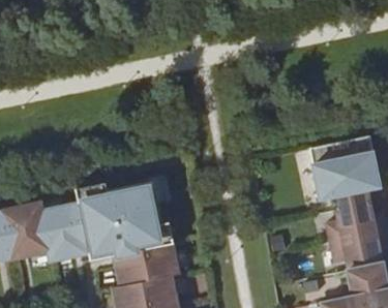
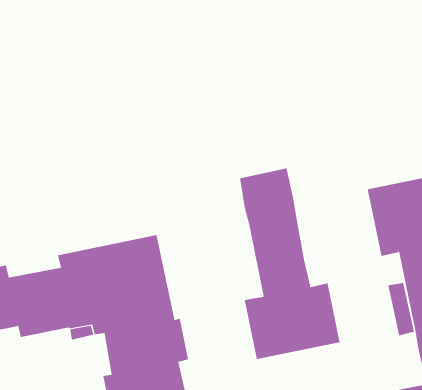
building: none -> [240,167,340,360]

